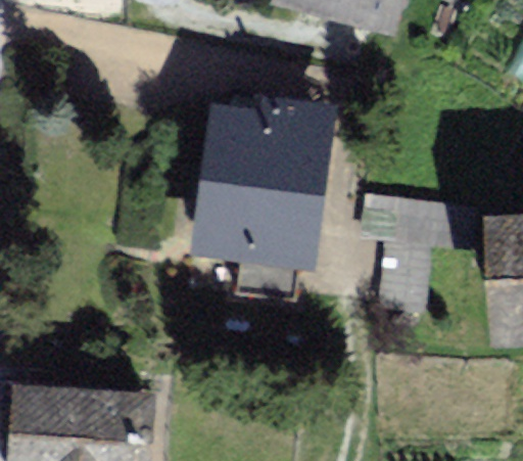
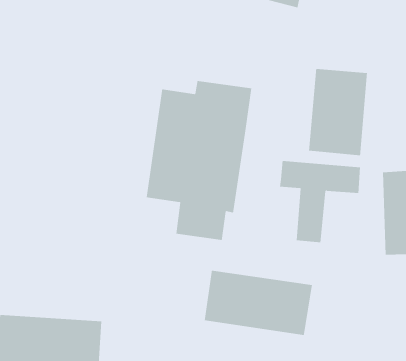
building: none -> [308,68,368,156]
building: none -> [204,270,312,336]

